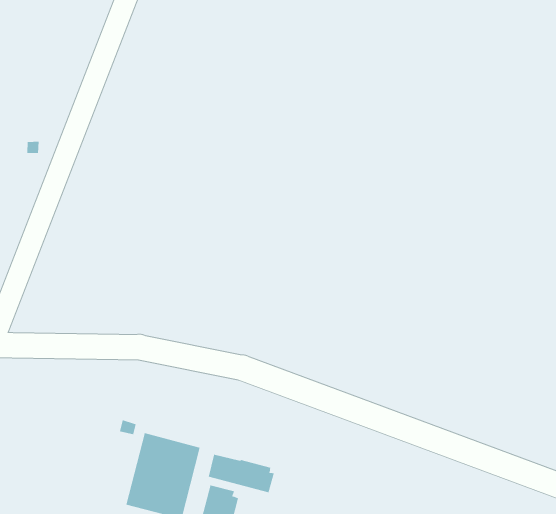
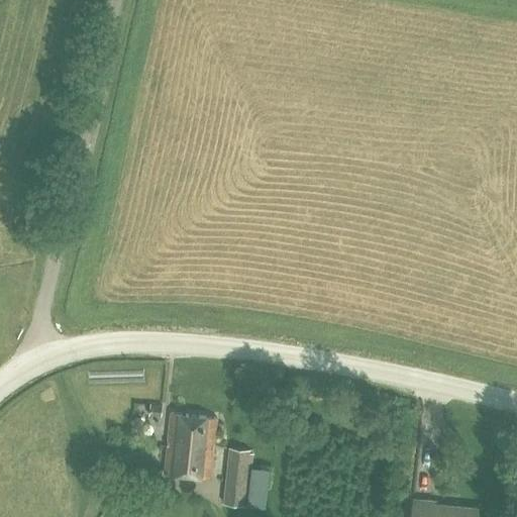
building: [208,454,275,493] -> none

